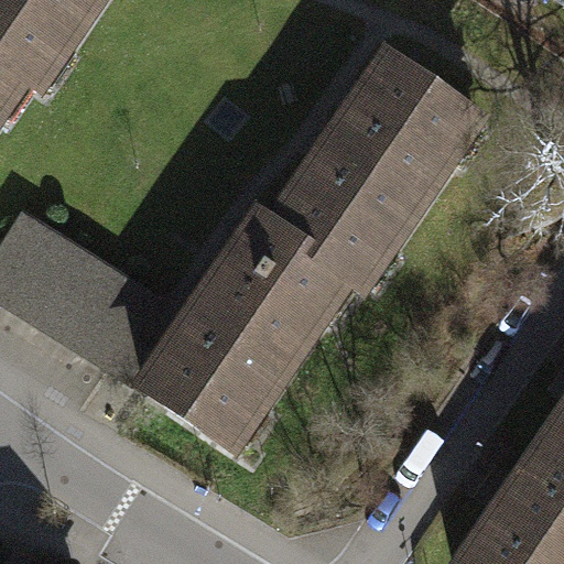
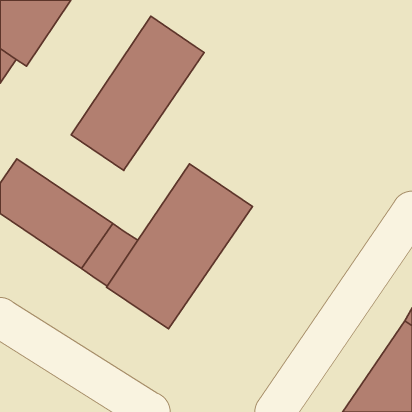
building: none -> [71,16,204,171]
building: [273,63,473,290] -> none

